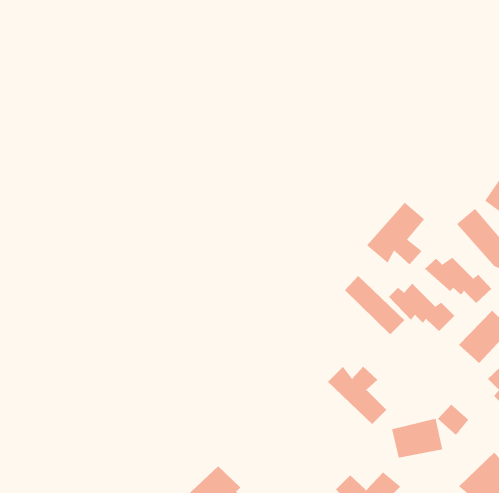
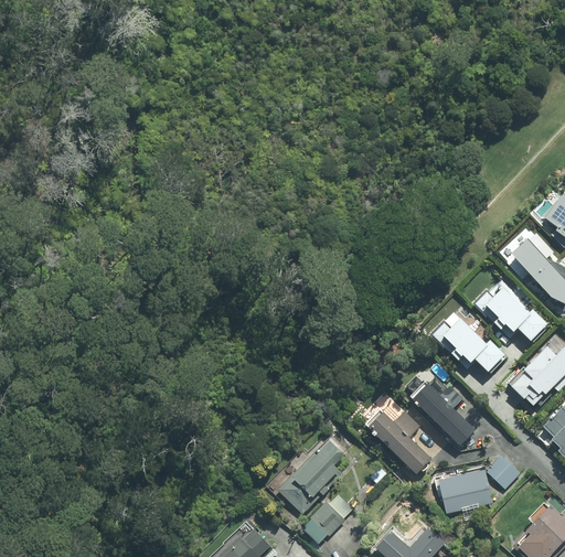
building: [366,202,425,265] -> none
building: [344,275,405,335] -> [409,379,477,446]
building: none -> [279,438,344,512]
building: none -> [310,501,345,535]

